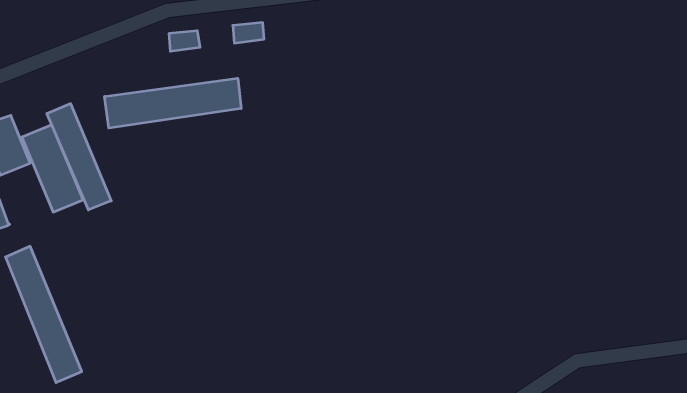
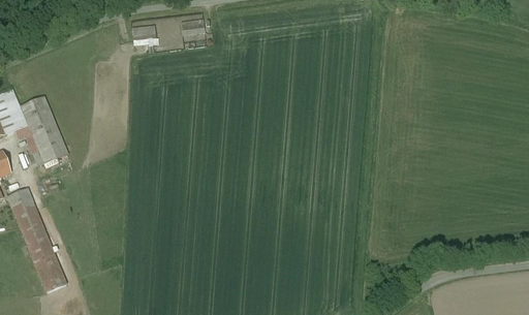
building: [105,78,241,128] -> none
building: [47,104,111,210] -> none

